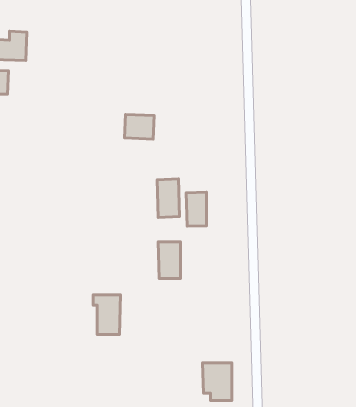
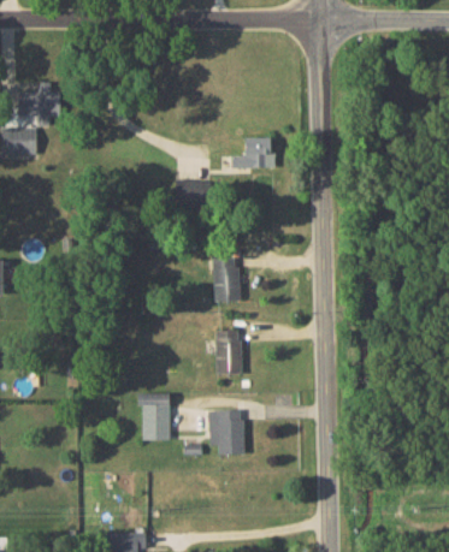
building: none -> [231,138,272,168]
building: [186,192,206,226] -> none
building: [202,363,232,400] -> [208,410,243,455]

